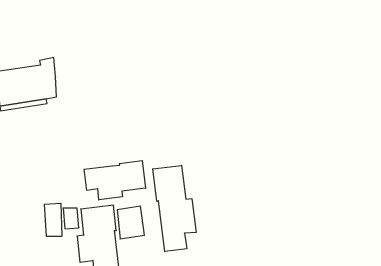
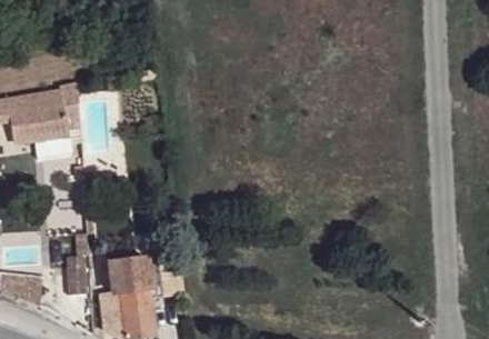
building: [84,161,146,200] -> none
building: [153,165,196,252] -> none

